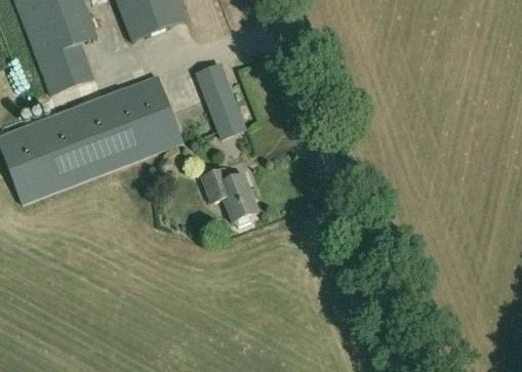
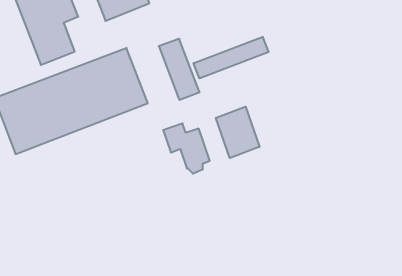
building: none -> [194,37,269,78]
building: none -> [216,107,260,158]

